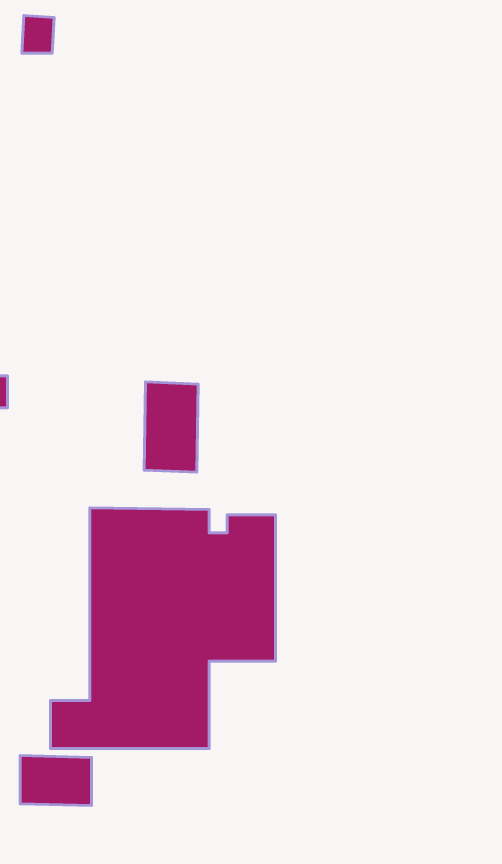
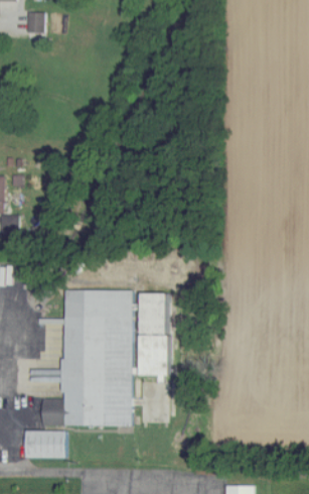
building: [144,382,198,472] -> none

